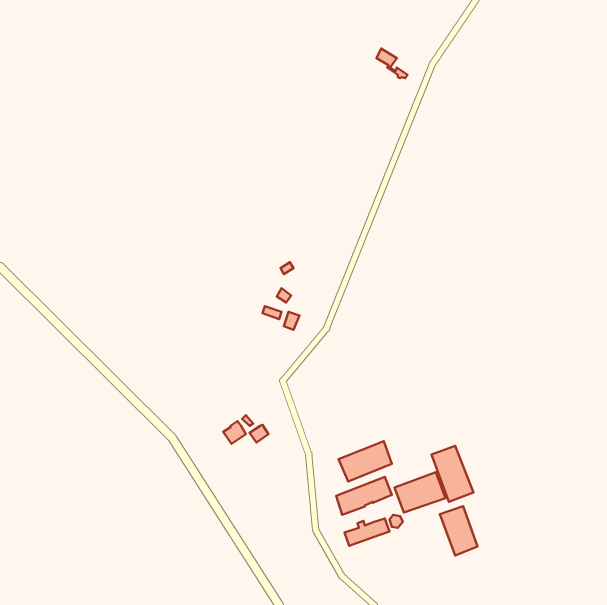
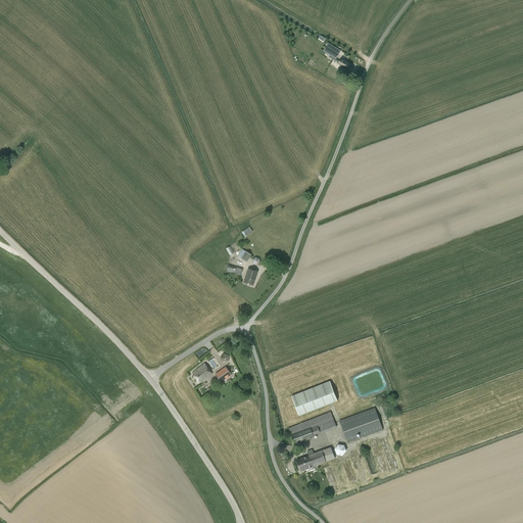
building: [431,446,473,502] -> none
building: [440,506,478,555] -> none

